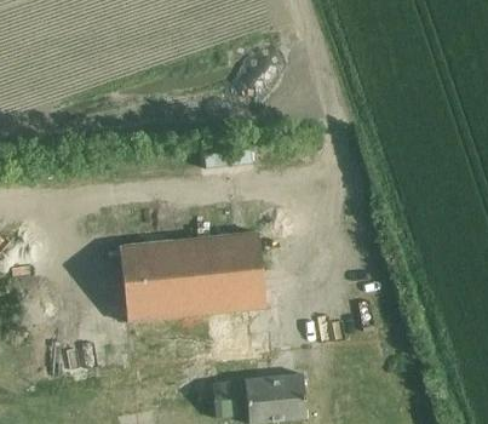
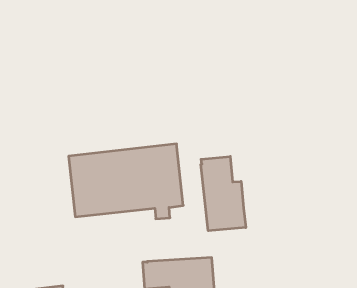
building: none -> [201,156,246,231]

